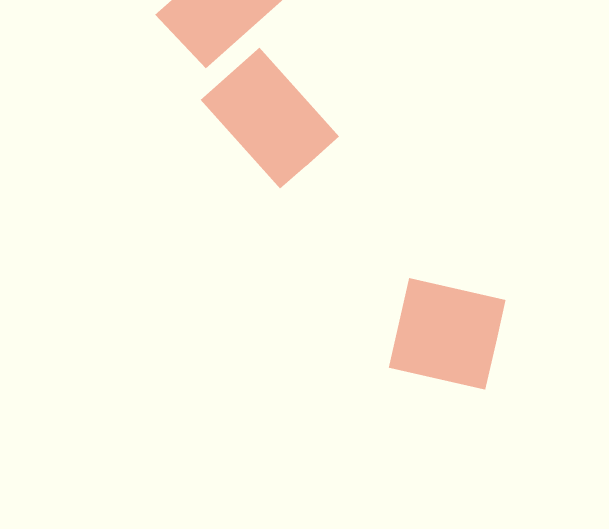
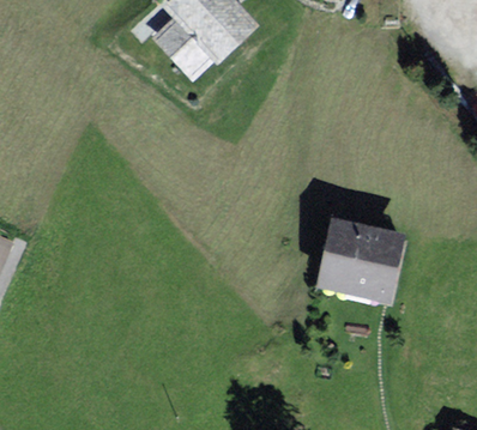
building: [200,47,340,189] -> none

